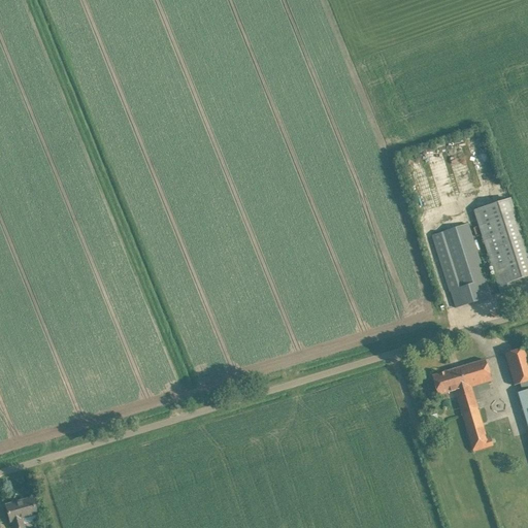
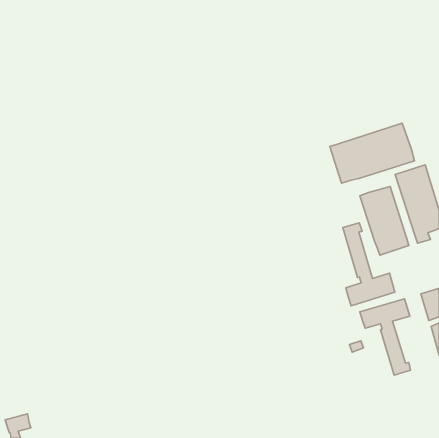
building: none -> [330,123,414,183]
building: none -> [343,223,395,306]

